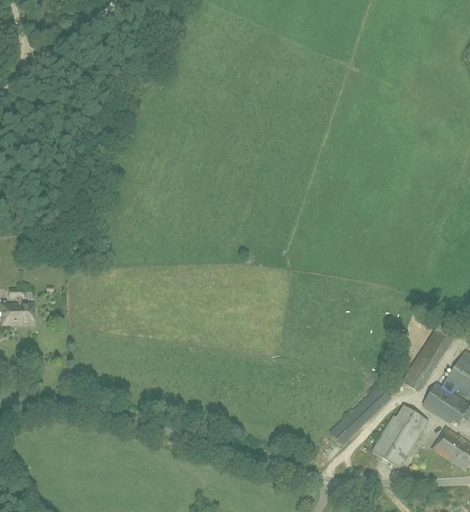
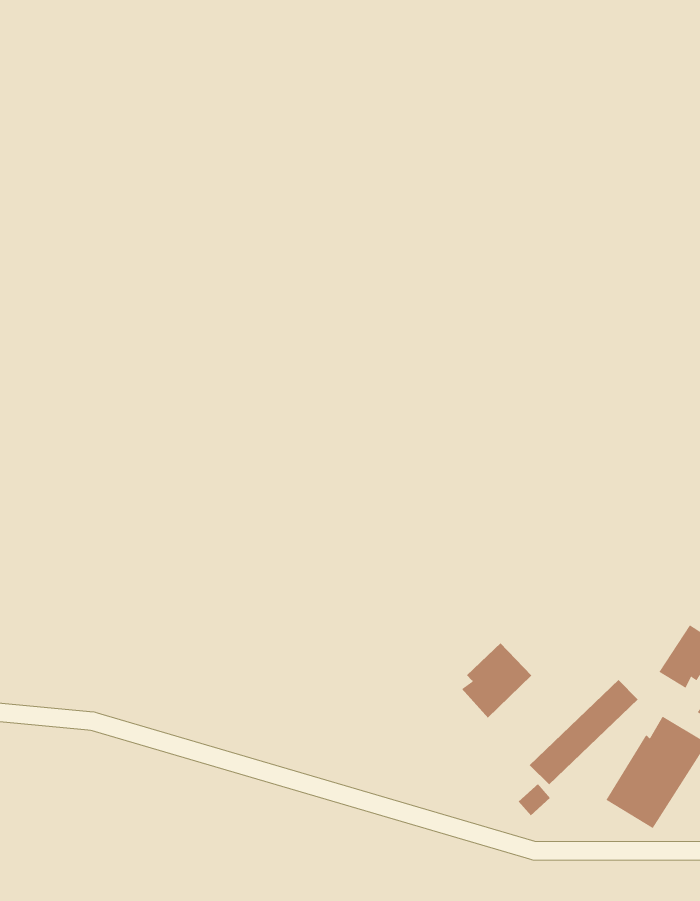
building: none -> [461,642,532,718]

